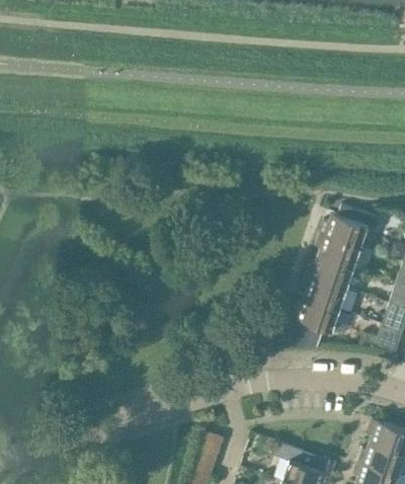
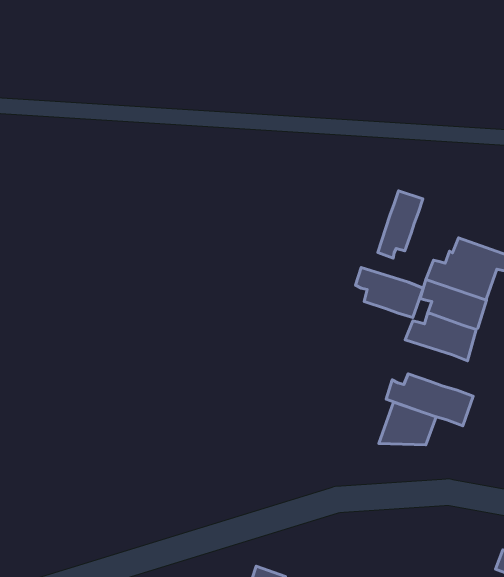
building: none -> [378,191,423,258]
building: [302,274,348,309] -> [355,267,423,318]

